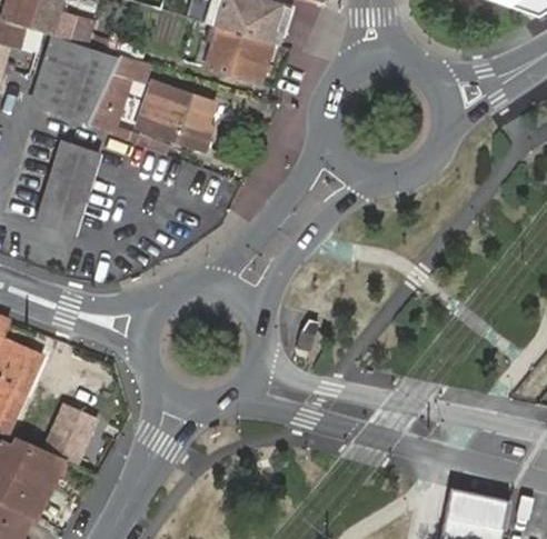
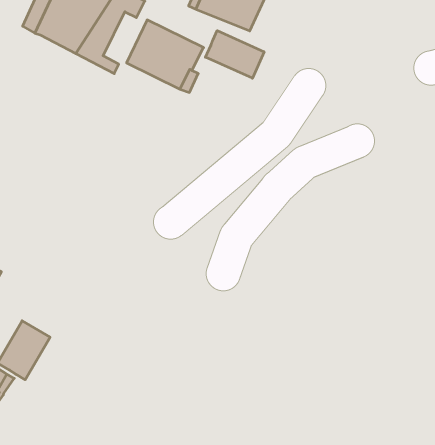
building: none -> [205,31,264,78]
building: [37,139,102,234] -> none

